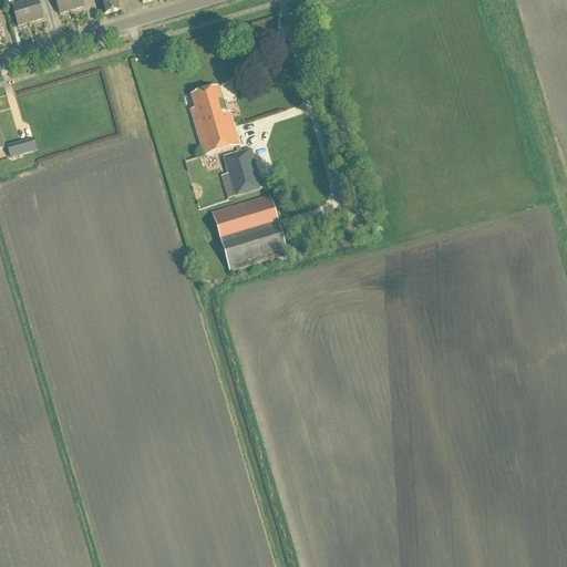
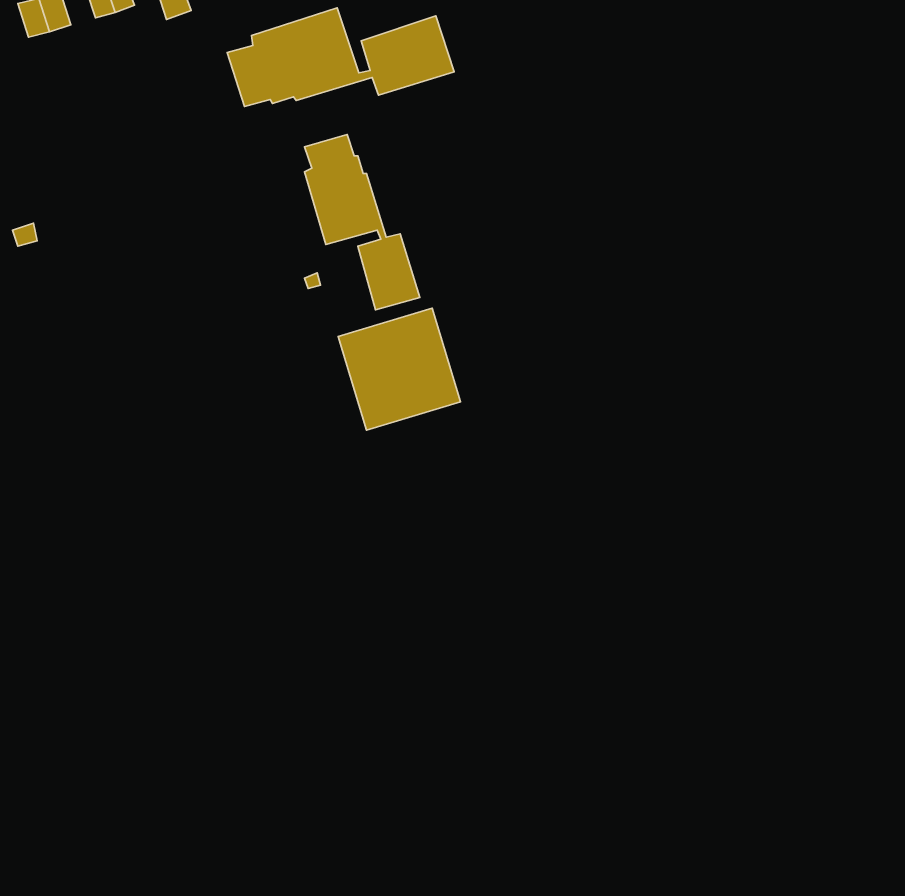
building: none -> [227,8,454,107]

